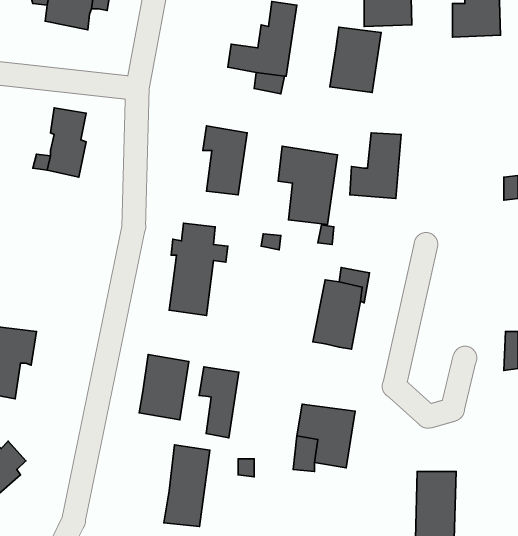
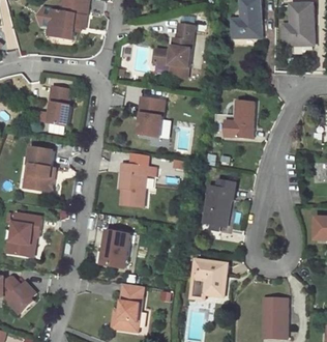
building: [330,27,381,92] -> none
building: [278,146,338,225] -> none
building: none -> [27,146,53,191]
building: [199,367,239,438] -> none

